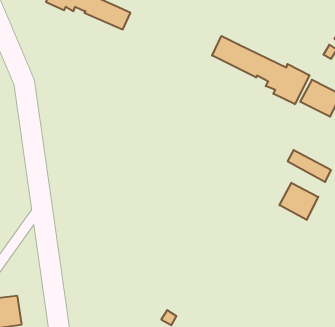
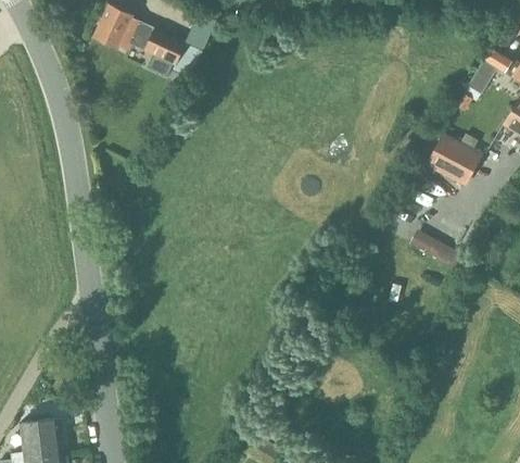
building: [212,36,309,104] -> none
building: [279,183,318,220] -> none

